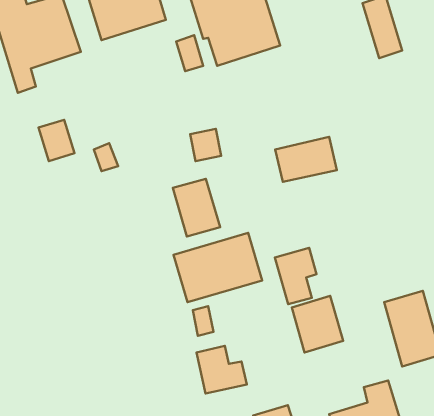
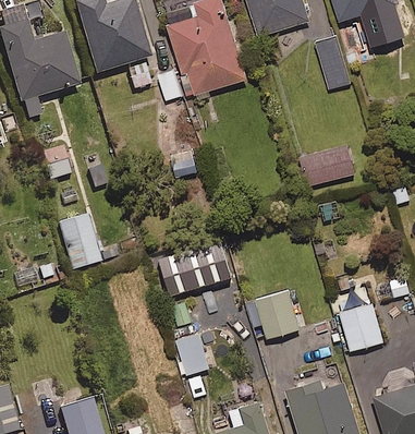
building: [275,137,337,182] -> [302,146,354,184]
building: [173,179,220,236] -> none
building: none -> [59,215,99,269]
building: [275,248,317,304] -> none

